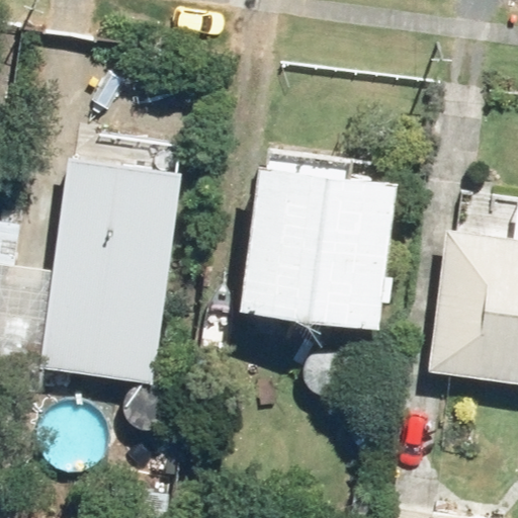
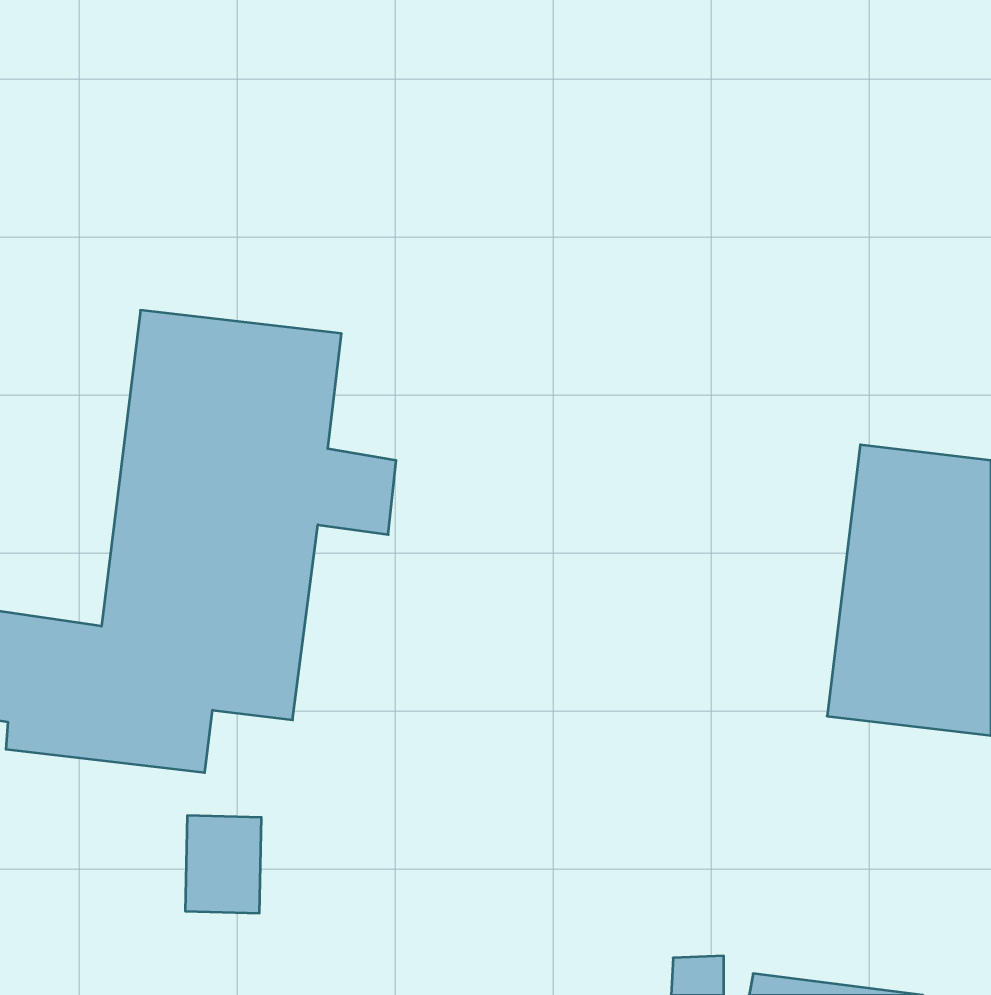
building: [240,164,400,327] -> none

